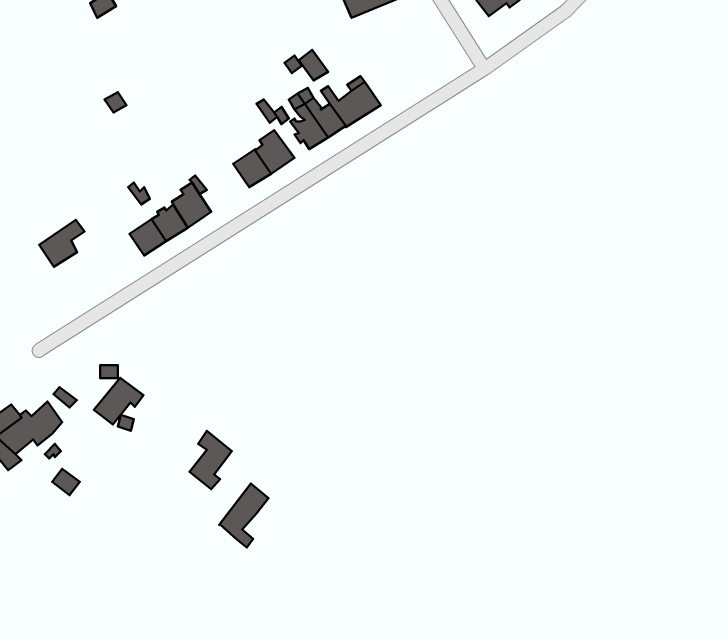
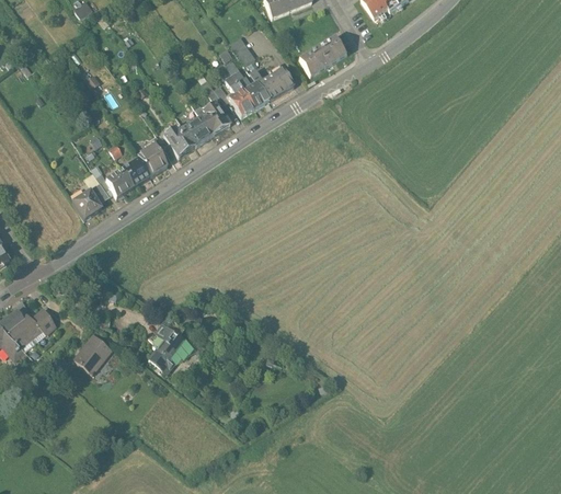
building: none -> [300,33,347,72]
building: none -> [163,127,196,157]
building: [39,220,84,267] -> [73,182,107,217]
building: [94,378,144,425] -> [75,335,112,370]
building: [219,484,269,548] -> none

